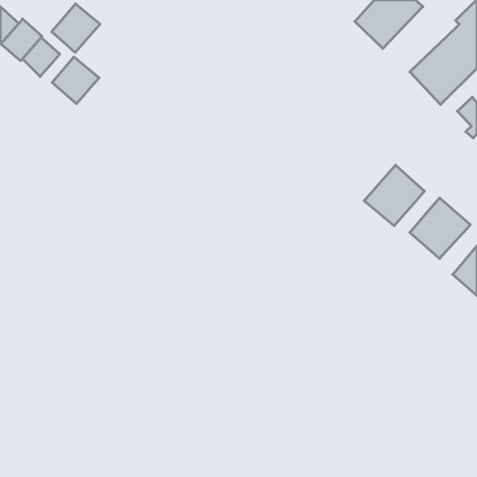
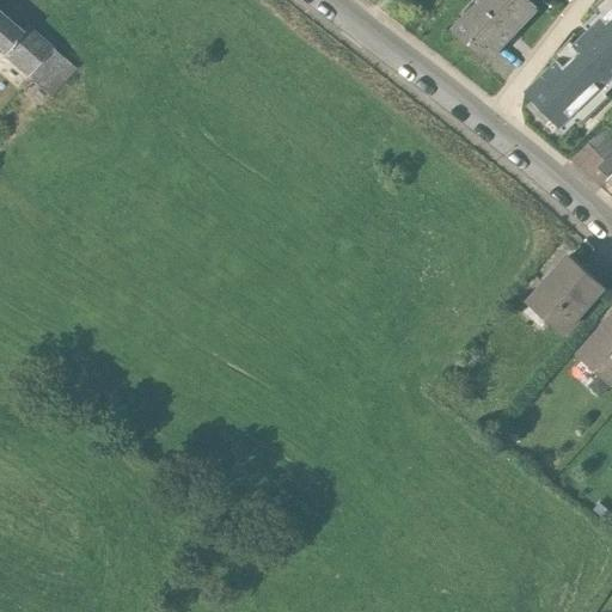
building: [52,4,100,52] -> none
building: [52,57,99,104] -> none
building: [364,165,425,226] -> none

